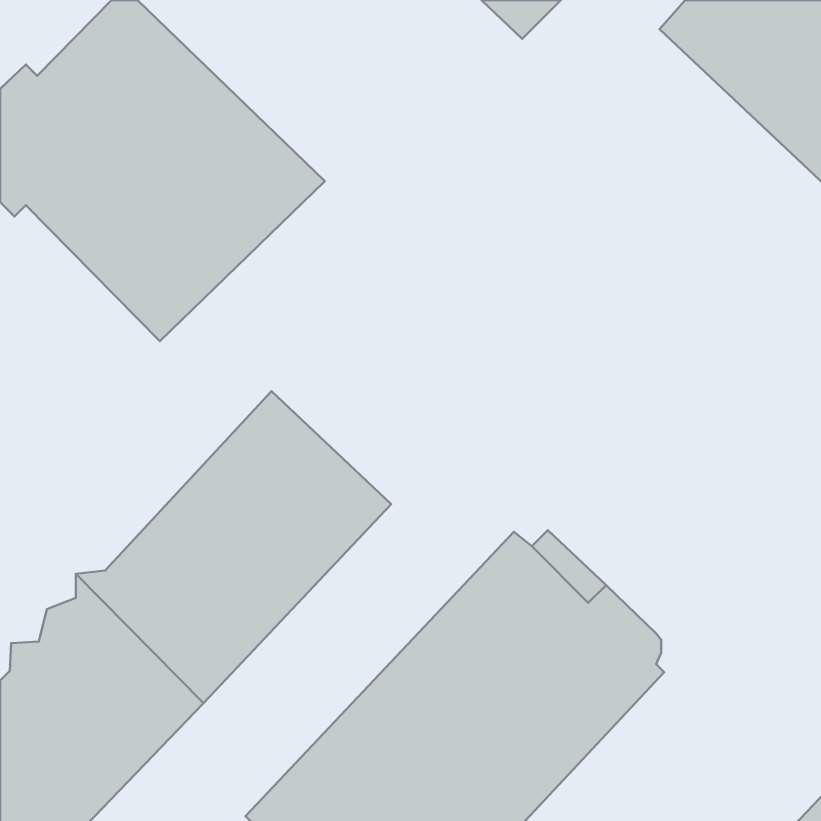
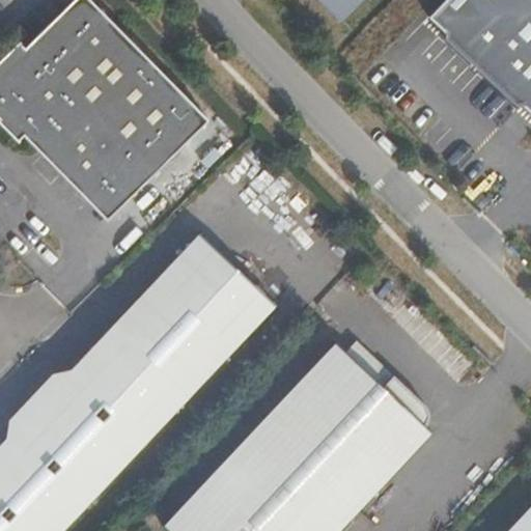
building: none -> [177,230,276,327]

